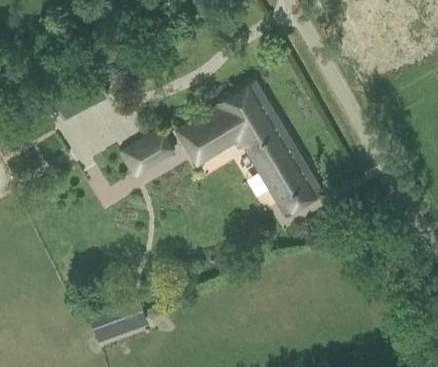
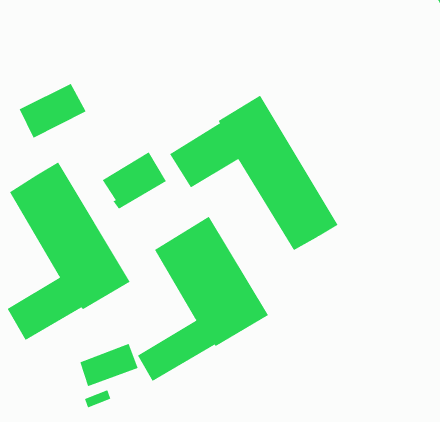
building: none -> [7,162,130,341]
building: none -> [137,216,269,382]

